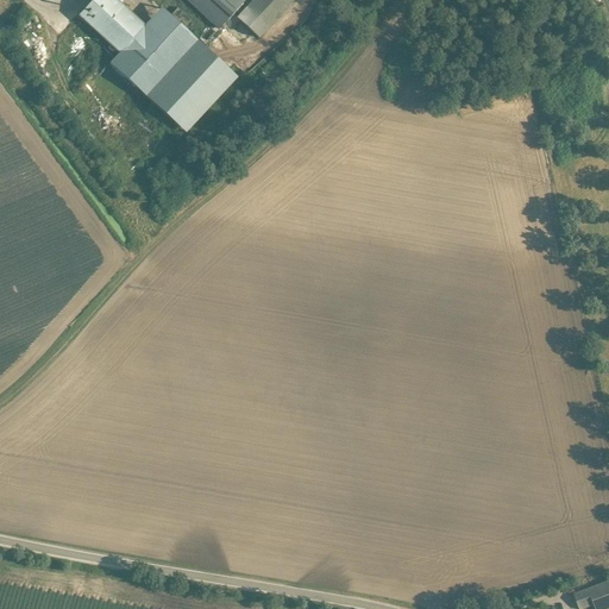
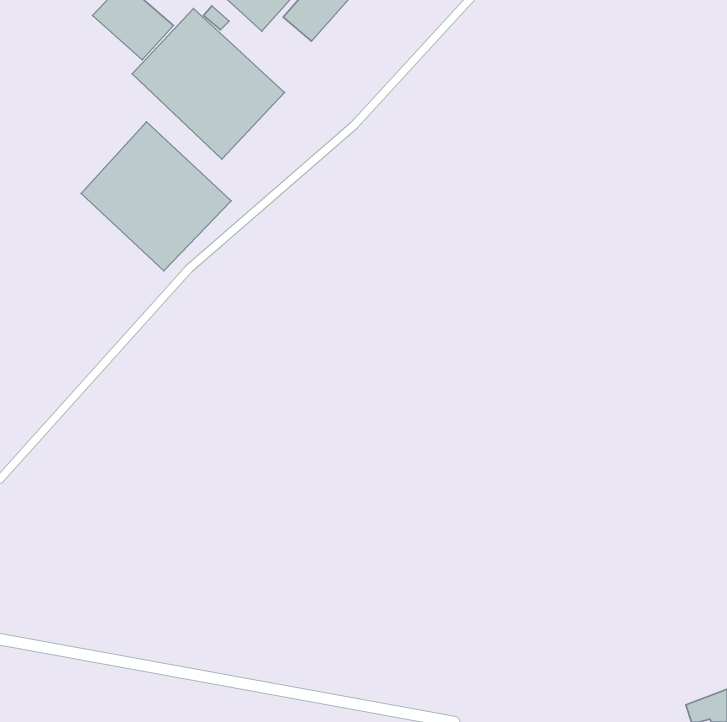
building: none -> [81,122,231,271]

